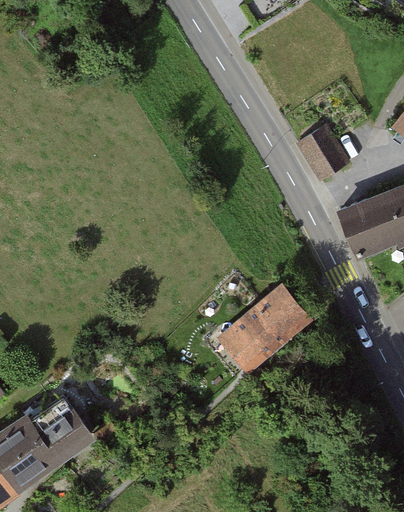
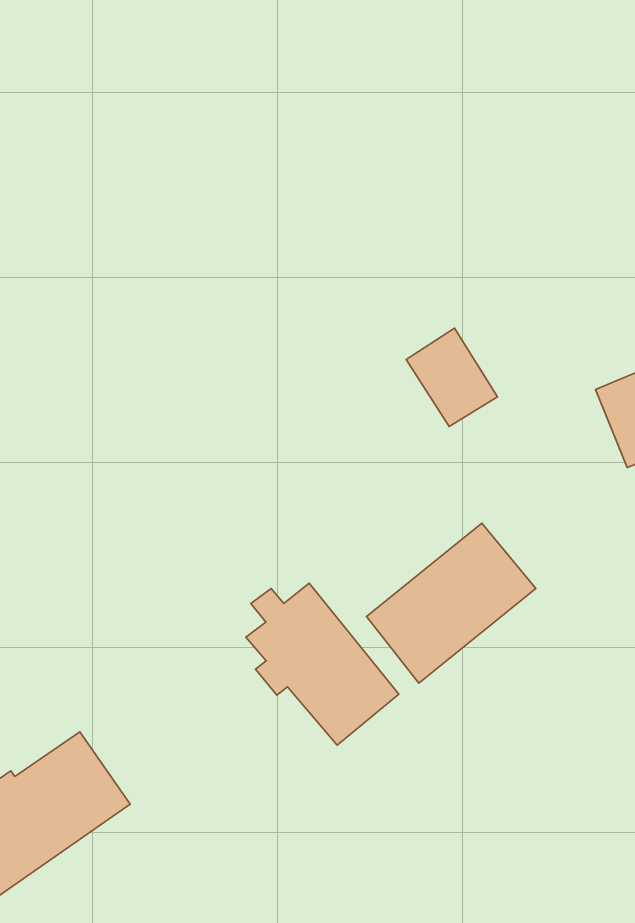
building: [300,127,349,180] -> [406,328,497,427]
building: none -> [246,583,399,745]

